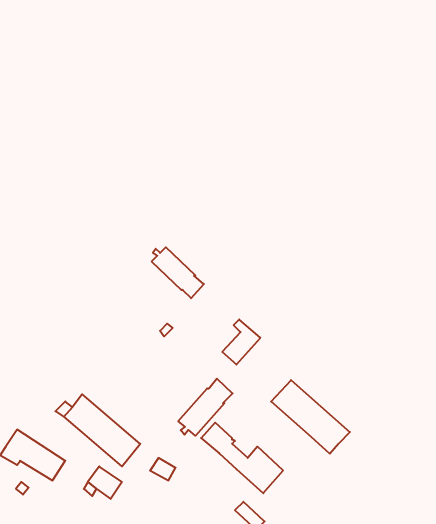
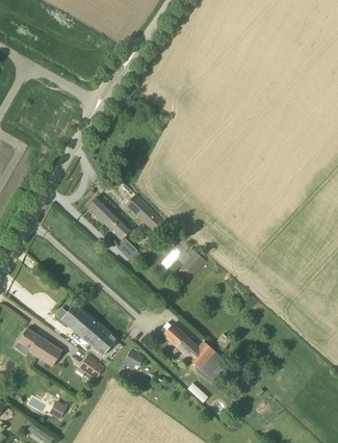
building: none -> [87,197,132,240]
building: [178,379,233,436] -> none
building: [271,380,350,454] -> none

